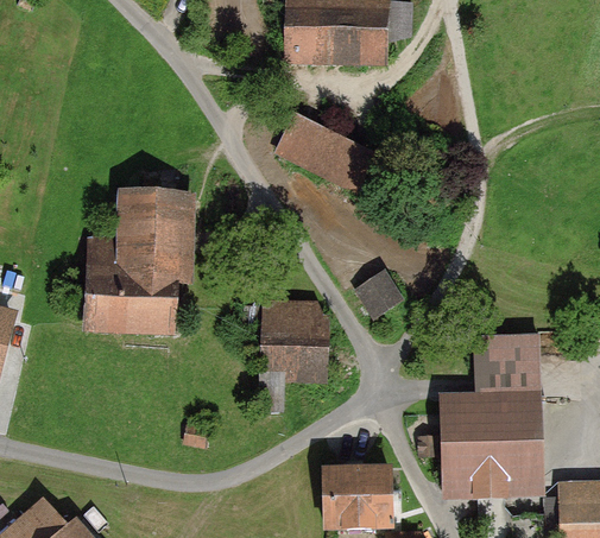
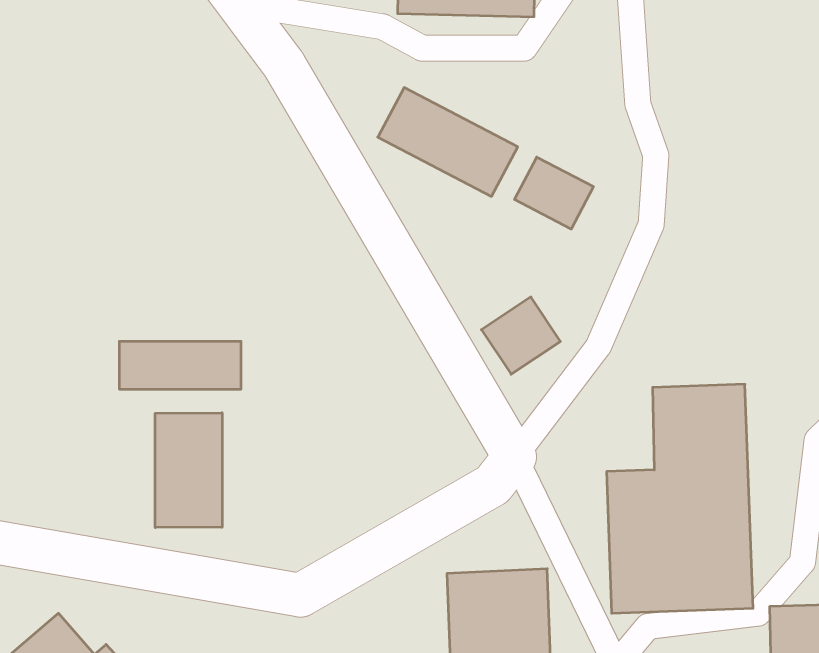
building: none -> [515,157,593,229]
building: [87,191,197,296] -> none
building: [258,304,324,380] -> none
building: none -> [155,413,222,528]

